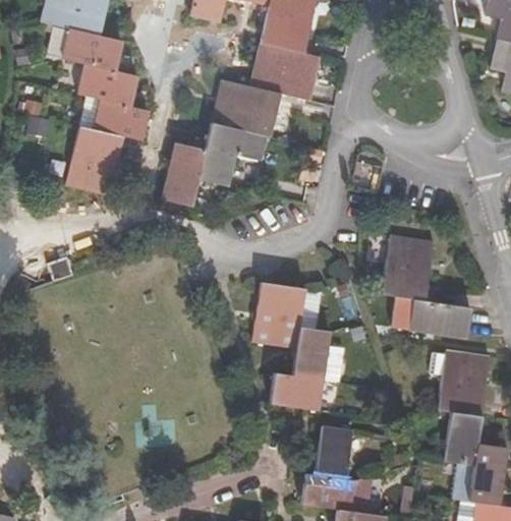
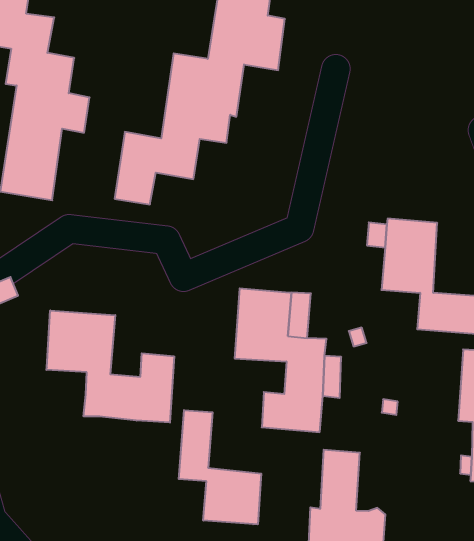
building: none -> [46,310,174,423]
building: none -> [179,410,261,524]

